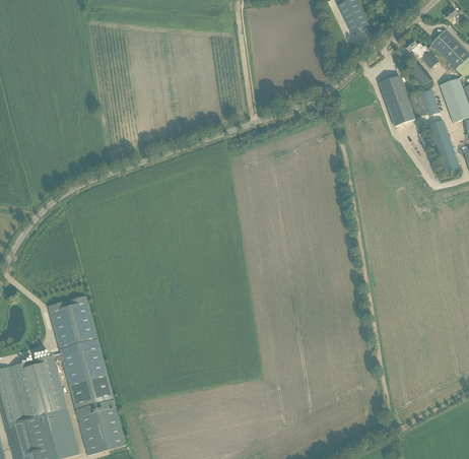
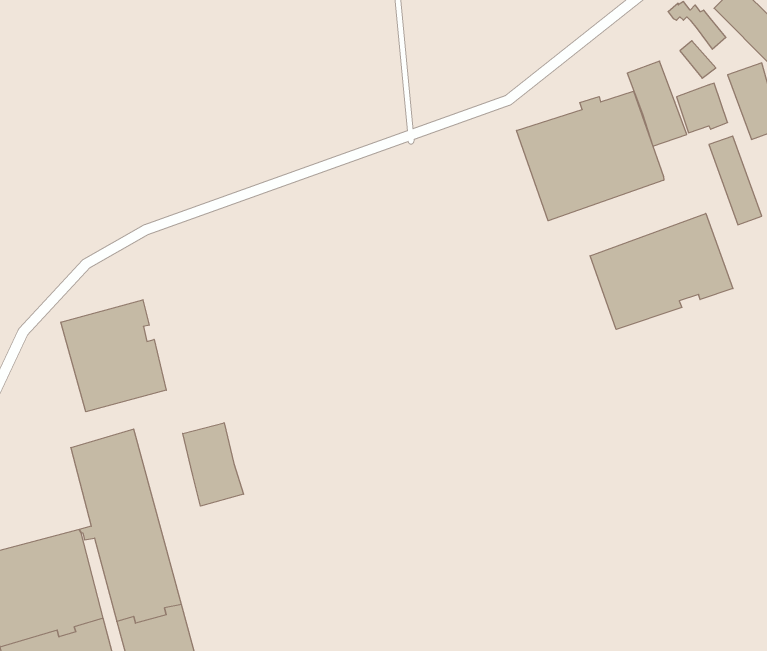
building: none -> [517,91,664,221]
building: none -> [590,213,733,329]
building: none -> [61,300,166,412]
building: none -> [183,423,244,506]

